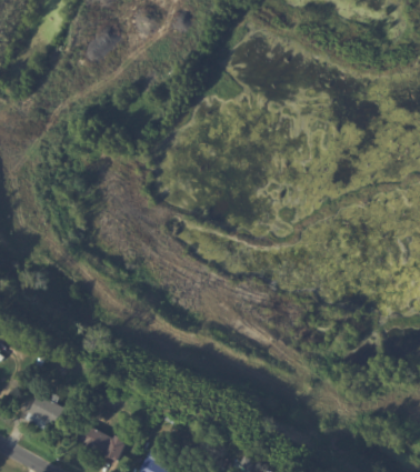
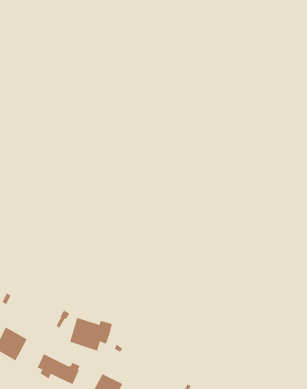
building: none -> [69,317,112,352]

